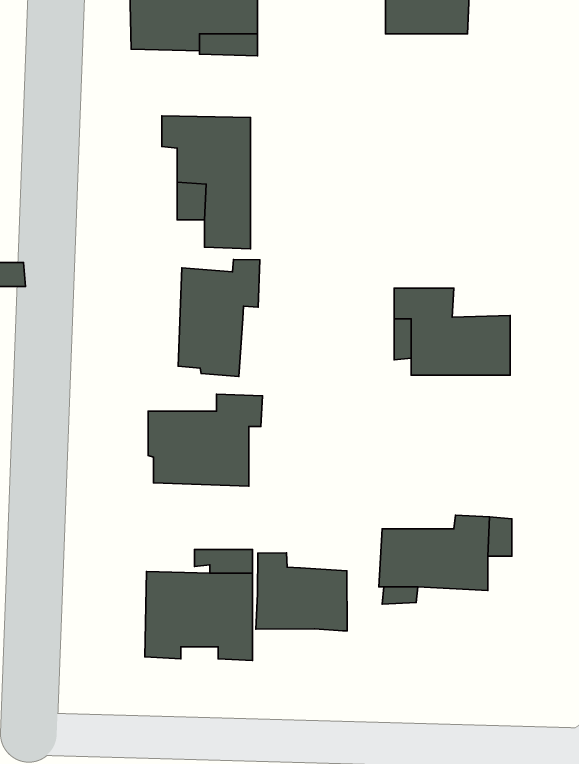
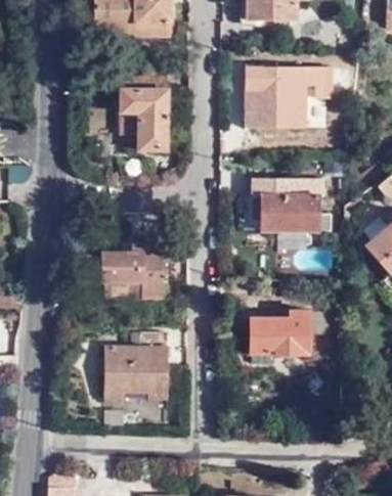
building: none -> [246,70,334,129]
building: [178,259,260,376] -> none
building: [256,553,347,631] -> none

